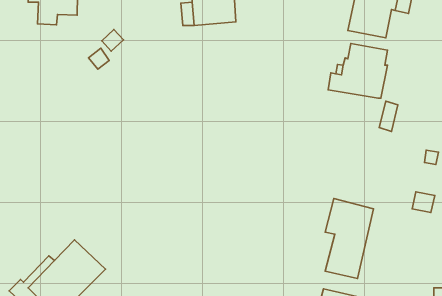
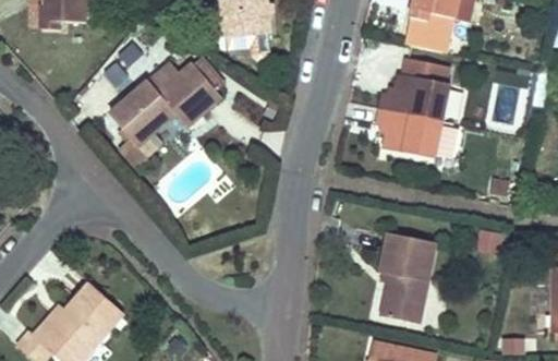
building: none -> [108,56,223,167]
building: none -> [376,109,440,158]

